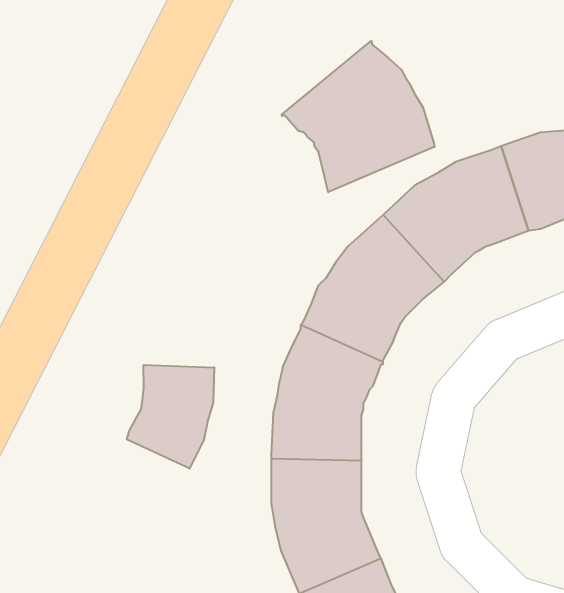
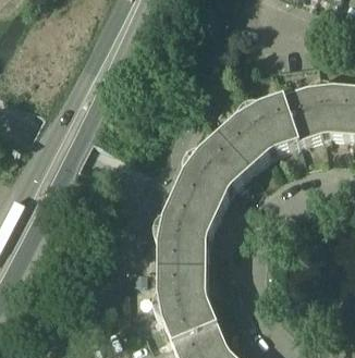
building: [282,41,435,192] -> none
building: [127,365,214,469] -> none

